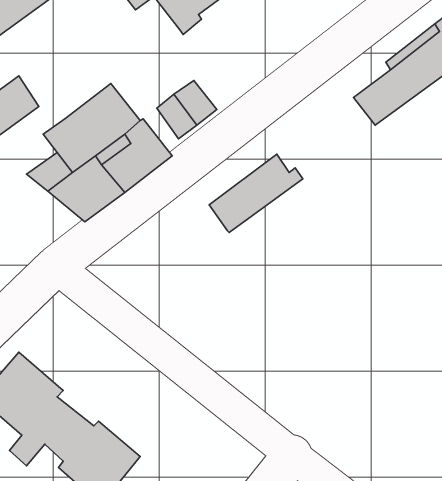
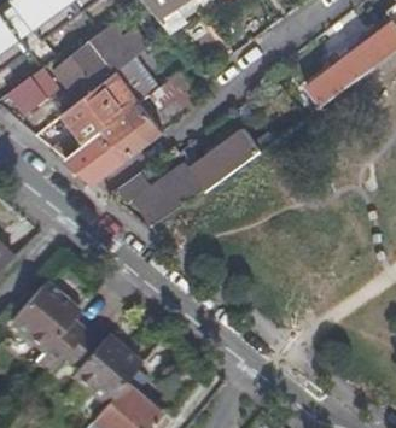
building: none -> [53,22,150,100]
building: none -> [117,160,206,224]

